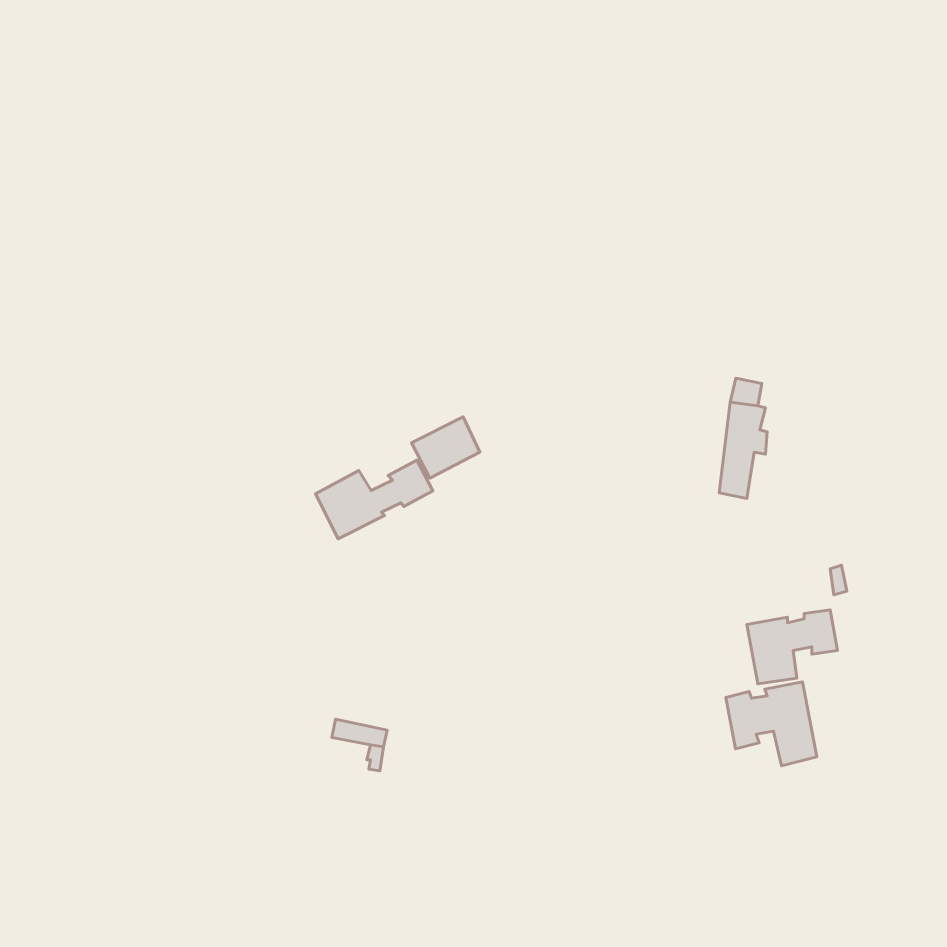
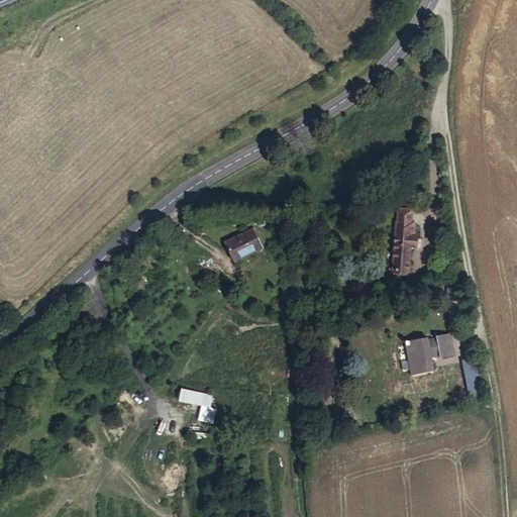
building: [316,460,433,539] -> none
building: [726,682,817,766] -> none

